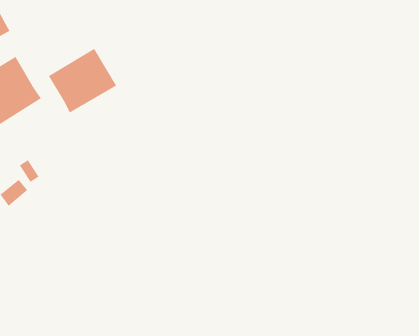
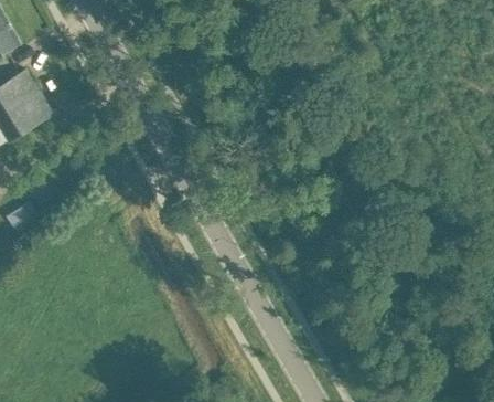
building: [48,48,117,113] -> none

